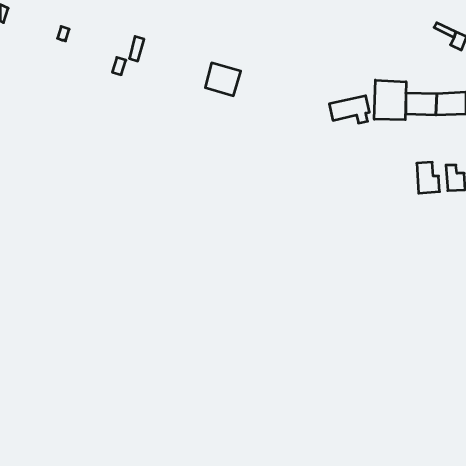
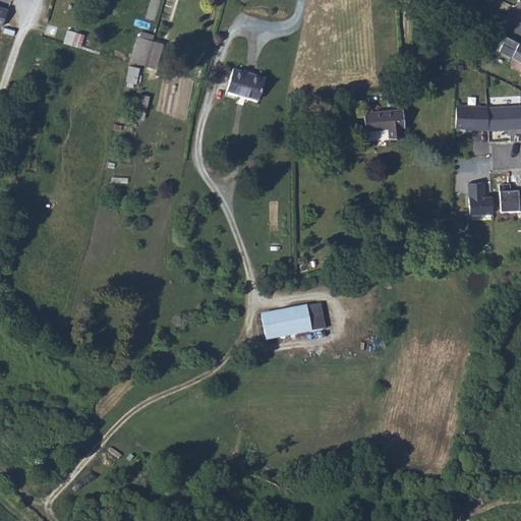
building: none -> [130,37,151,65]
building: [374,80,406,120] -> none
building: none -> [260,303,325,340]

